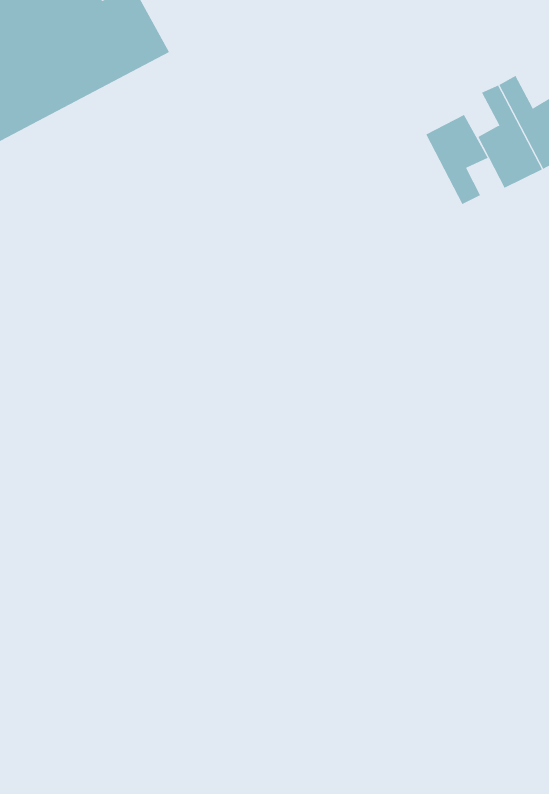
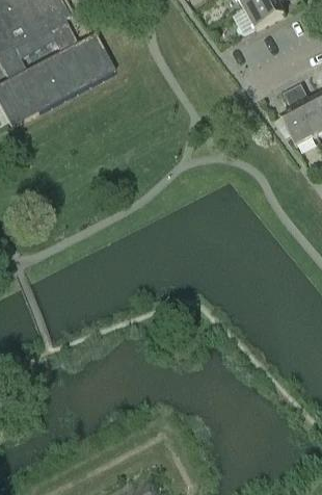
building: [425,114,488,205] -> none

